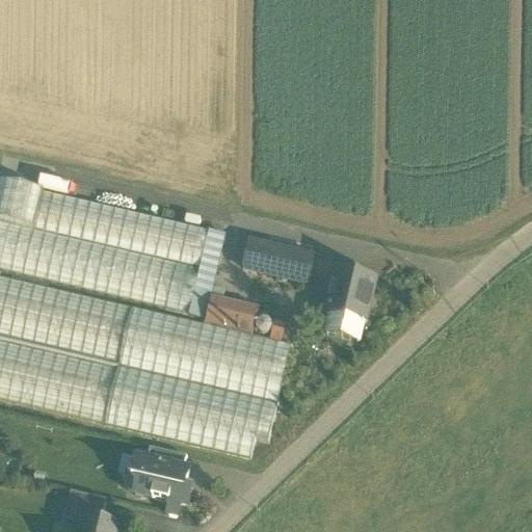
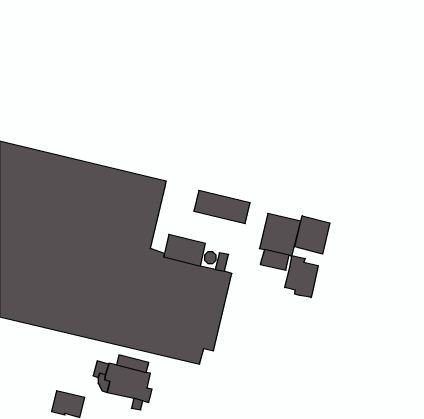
building: [188,232,223,317] -> none
building: none -> [295,216,330,254]
building: none -> [285,256,318,298]

